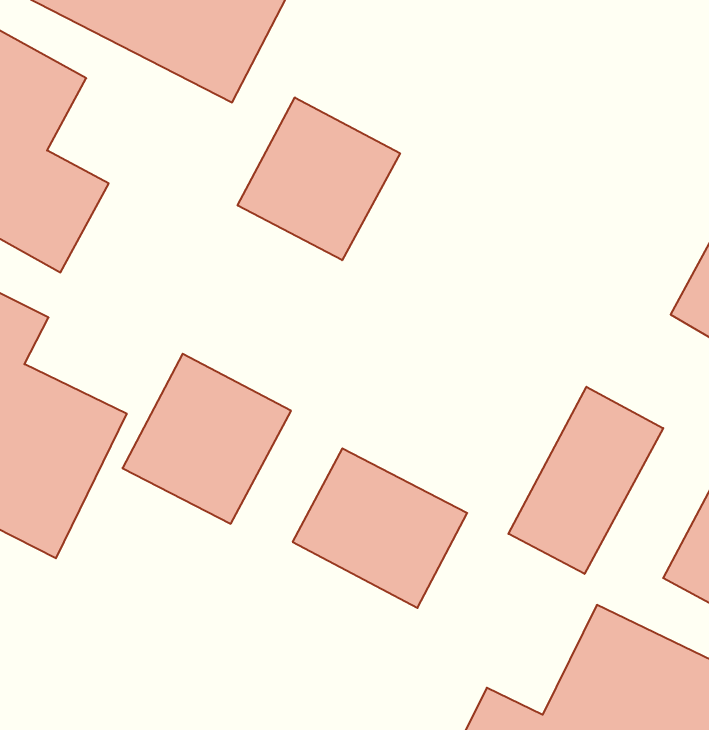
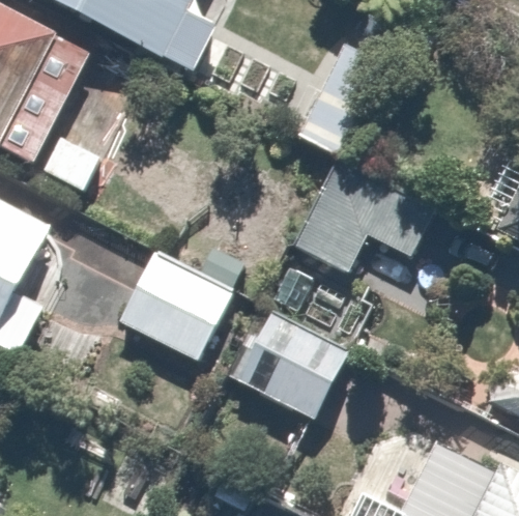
building: [238,97,400,260] -> none
building: none -> [287,156,441,274]
building: [508,387,663,574] -> none

